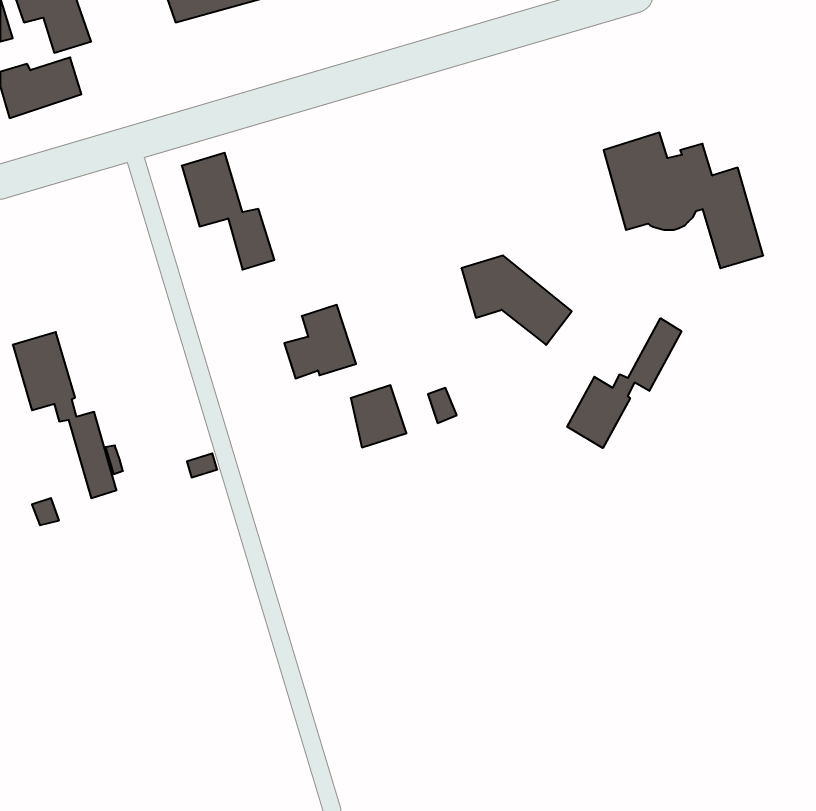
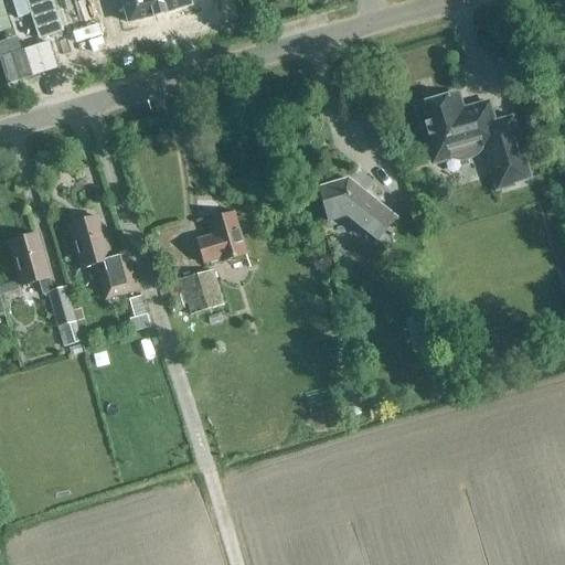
building: [182,153,274,270] -> [68,215,132,296]
building: [567,318,681,448] -> none
building: [351,385,407,447] -> [183,269,222,312]

